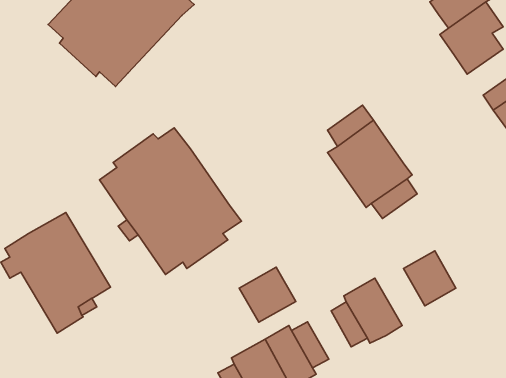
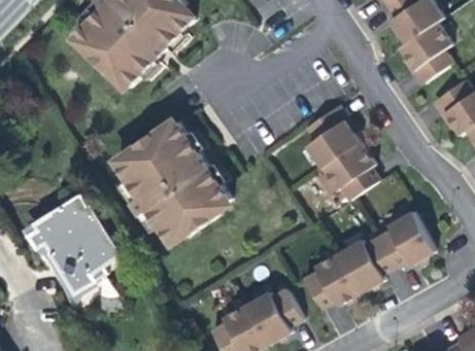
building: none -> [391,208,437,261]
building: none -> [343,238,386,288]
building: [239,267,296,322] -> none

